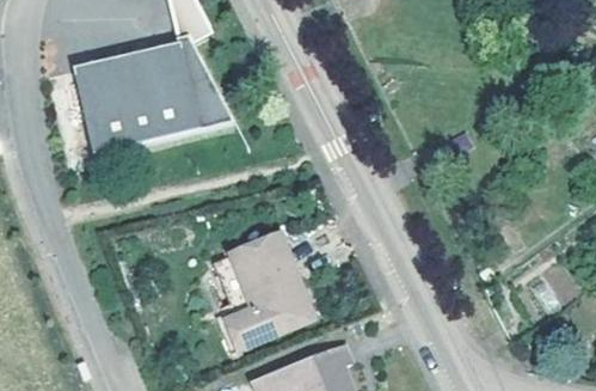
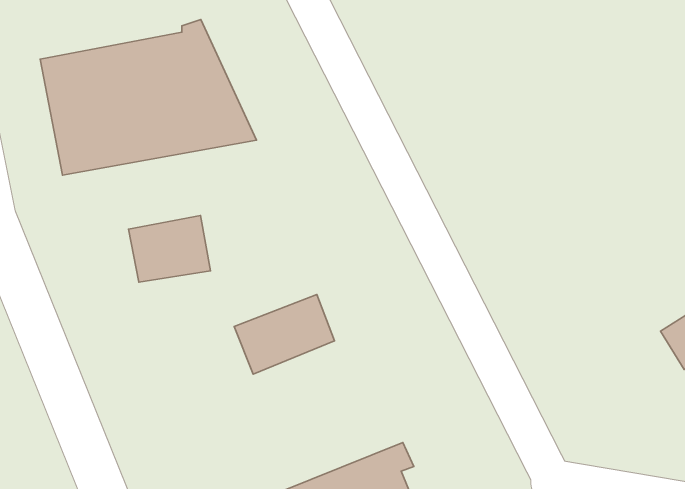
building: none -> [129,215,211,282]
building: [217,273,314,355] -> none

